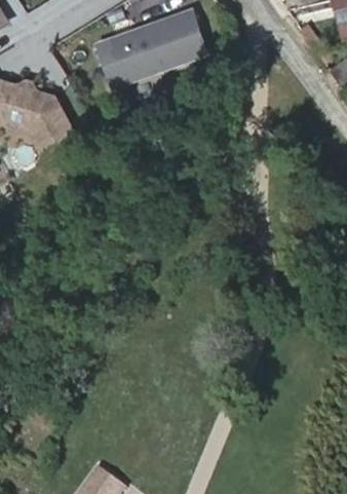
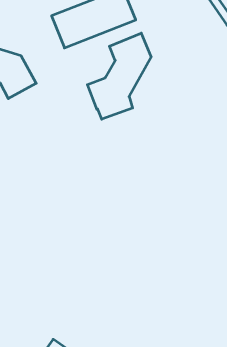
building: none -> [87,33,151,119]

